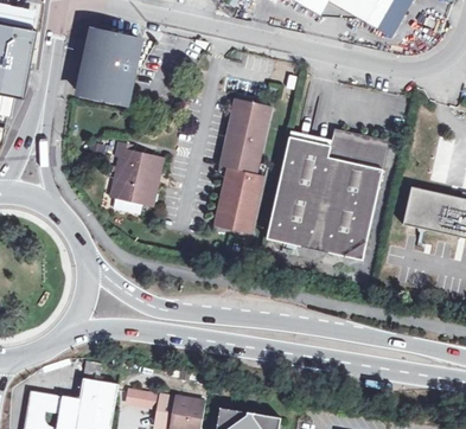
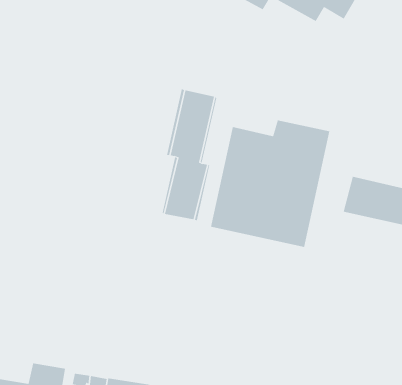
building: [77,30,139,102] -> none
building: [116,141,165,206] -> none

